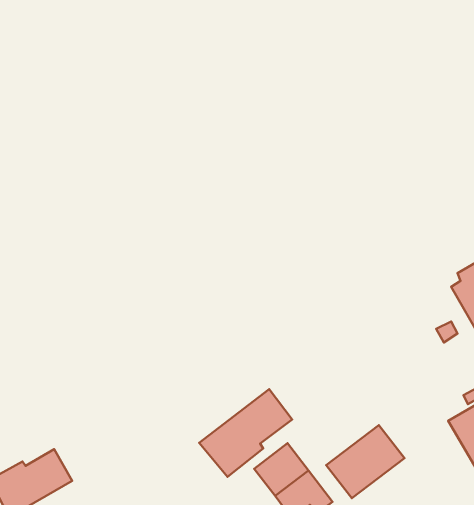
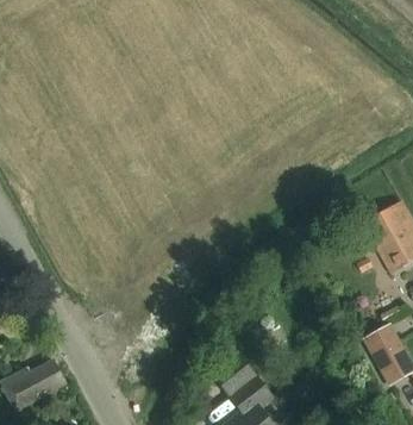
building: [199,389,292,477] -> none
building: [326,425,404,498] -> none

